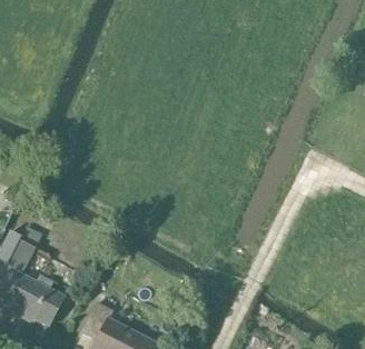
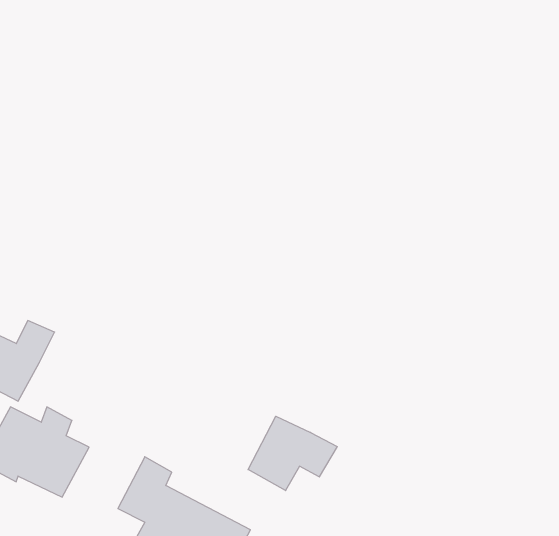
building: none -> [248,416,337,491]

